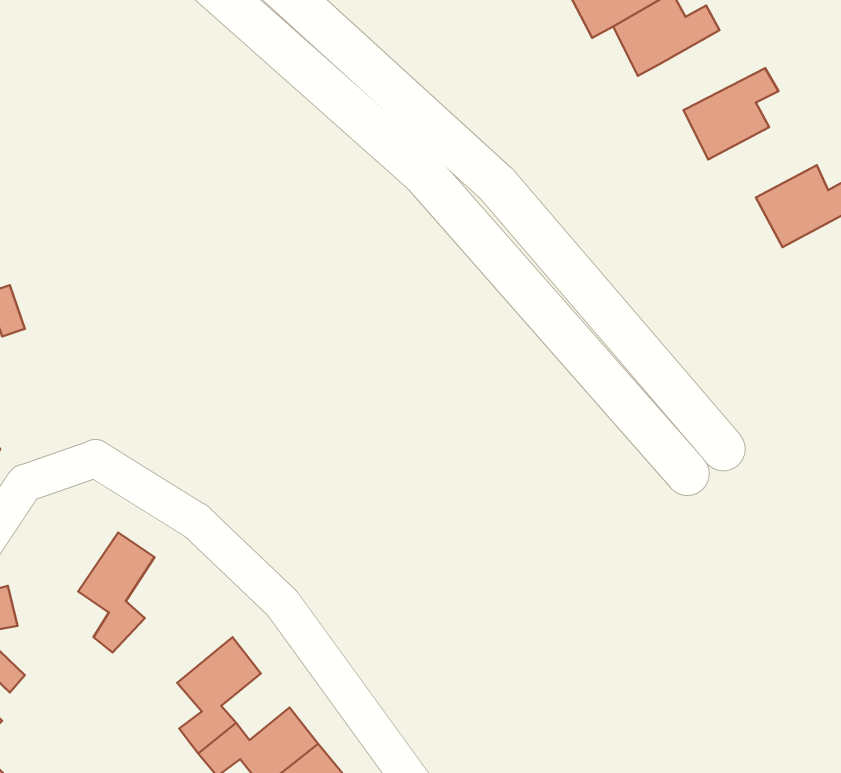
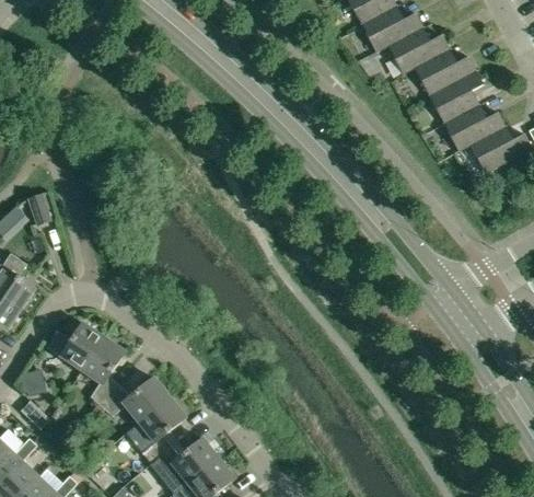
building: none -> [414,47,475,93]
building: none -> [442,103,504,150]
building: none -> [46,322,103,370]
building: none -> [100,377,169,423]

